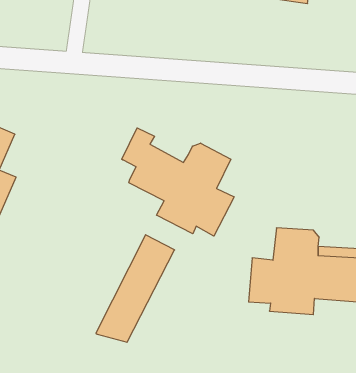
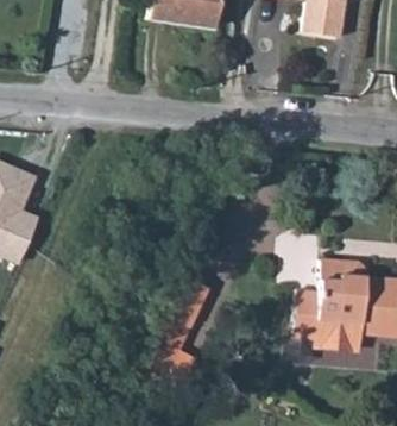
building: [122,128,234,236] -> none

